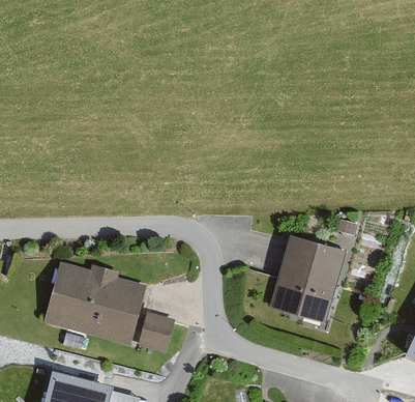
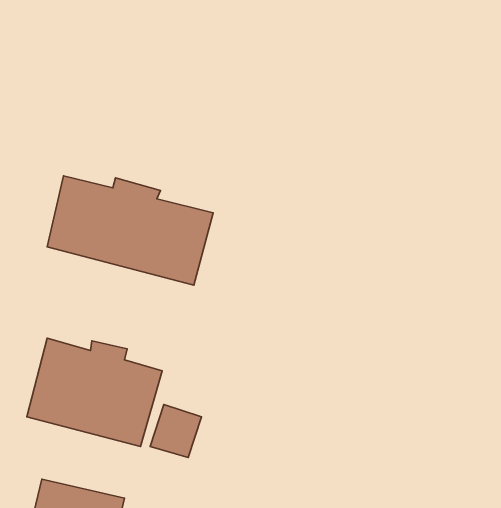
building: none -> [47,176,213,285]
building: [271,235,345,319] -> none

